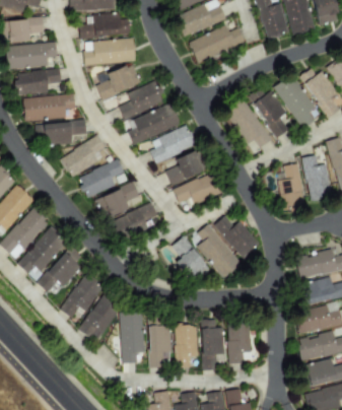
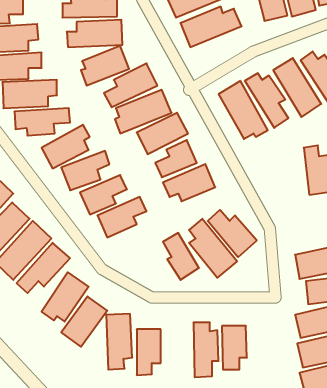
building: [277,163,305,210] -> none
building: [175,325,197,368] -> none

